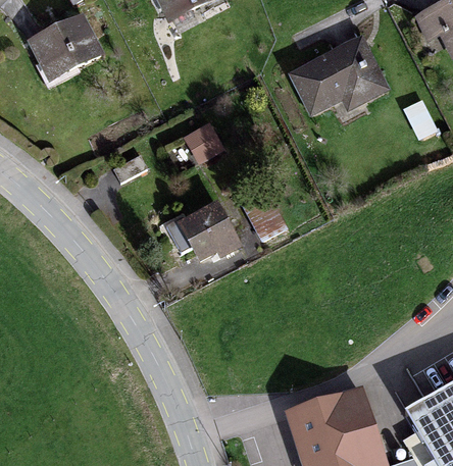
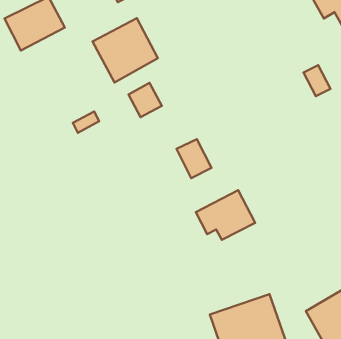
building: [288,35,390,116] -> none
building: none -> [92,18,158,82]
building: [166,200,241,262] -> [196,190,255,240]

